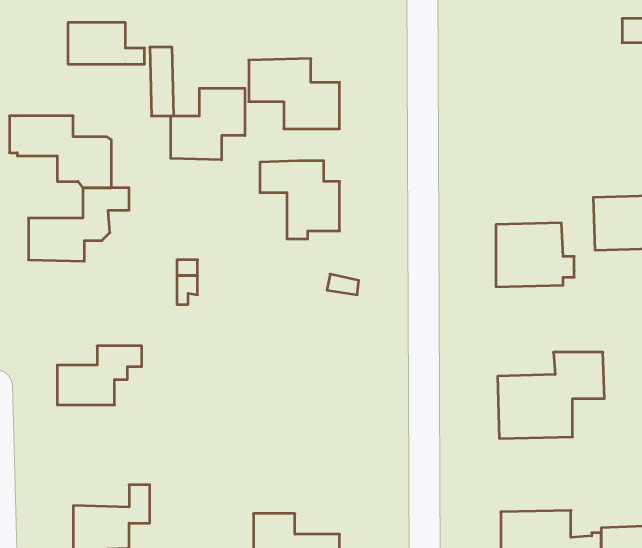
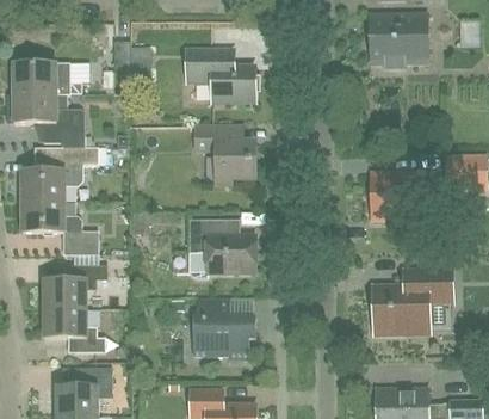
building: none -> [369,14,427,68]
building: [68,23,145,64] -> [12,61,69,92]
building: [171,88,245,160] -> none
building: none -> [21,199,97,254]
building: none -> [187,218,254,277]
building: none -> [192,297,254,358]
building: none -> [43,308,104,351]

